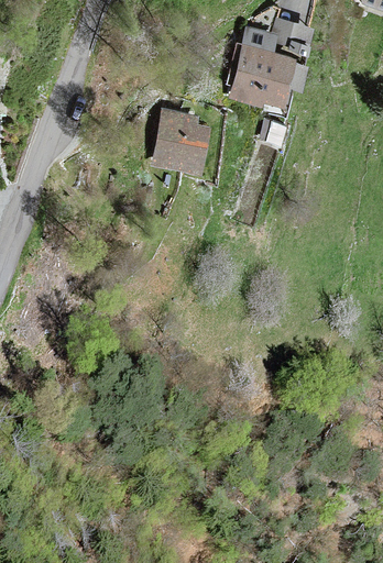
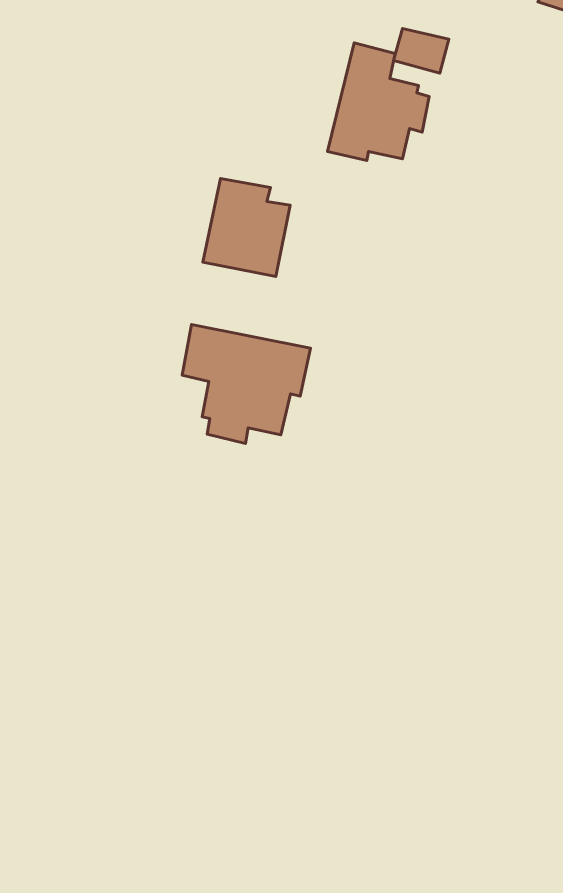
building: none -> [182,324,310,444]

